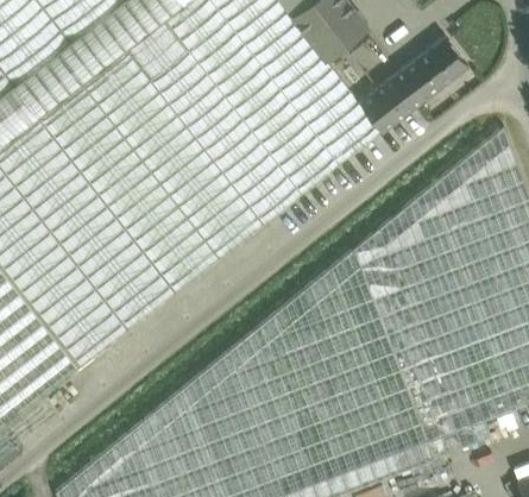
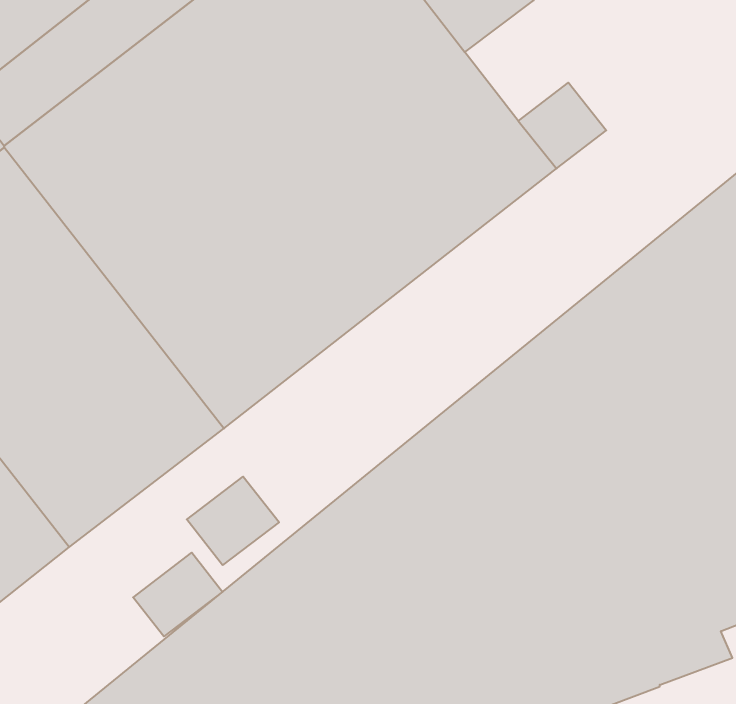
building: [390,34,468,107] -> none
building: none -> [187,477,279,565]
building: none -> [133,553,222,636]

